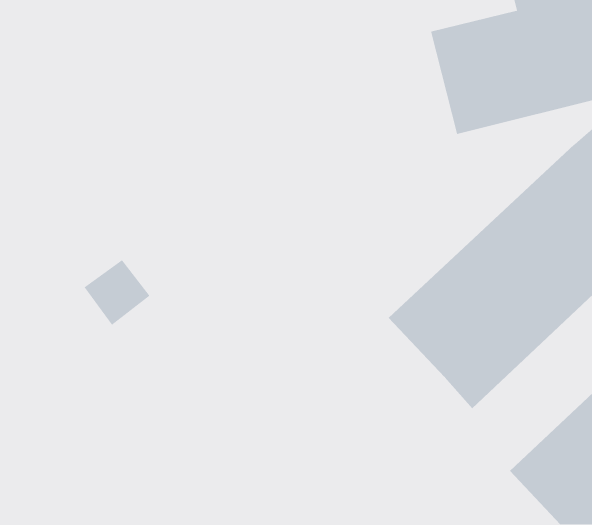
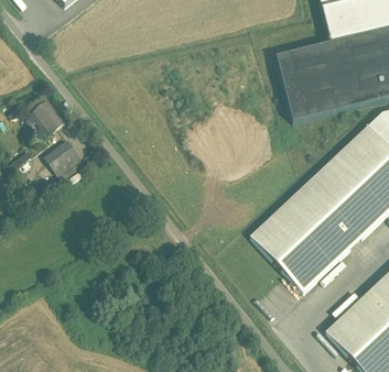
building: none -> [31,98,66,134]
building: [84,259,150,326] -> [44,138,86,179]

